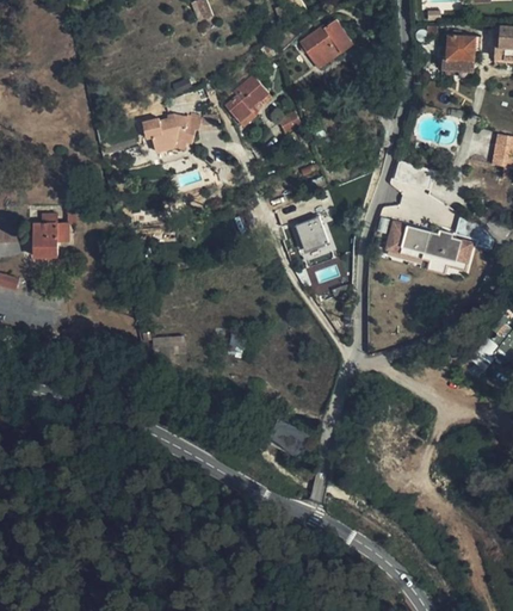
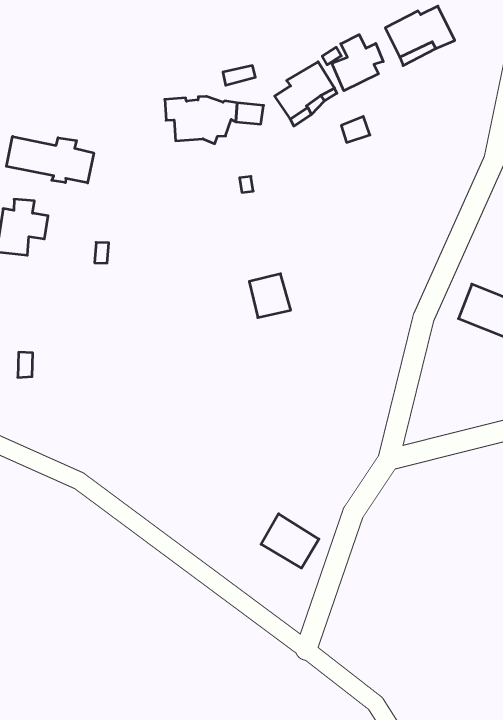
building: none -> [332,35,383,91]
building: none -> [6,136,94,183]
building: [293,216,328,252] -> [249,274,291,318]

